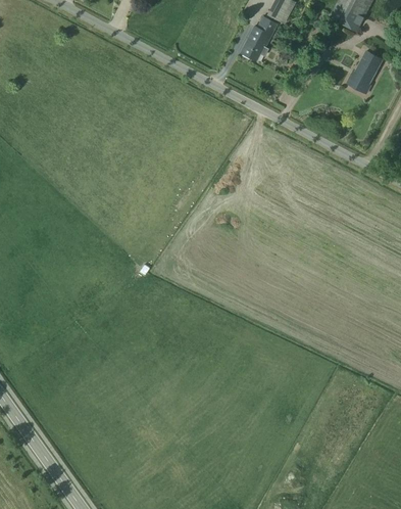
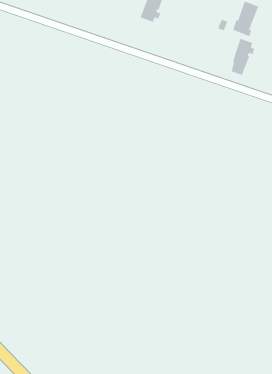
building: none -> [231,38,255,76]

